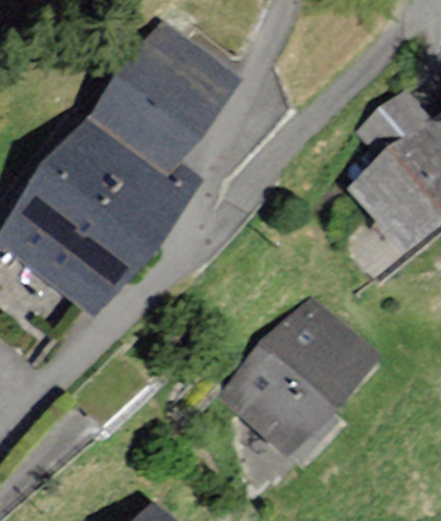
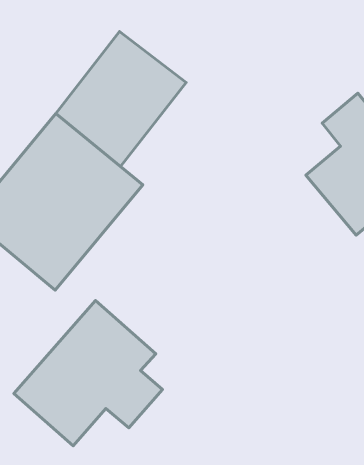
building: [224,307,366,452] -> none
building: none -> [14,300,163,446]

